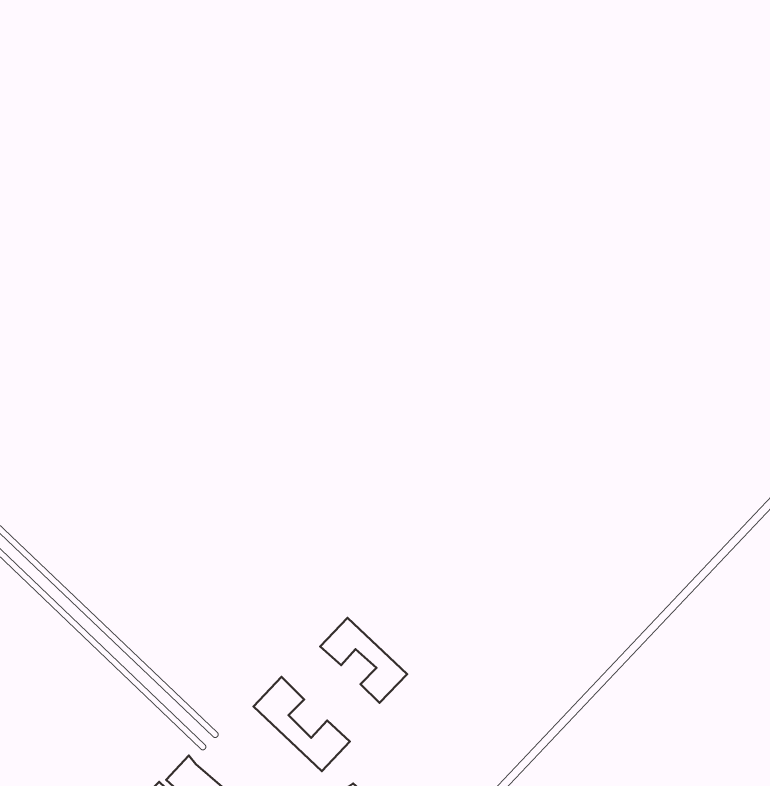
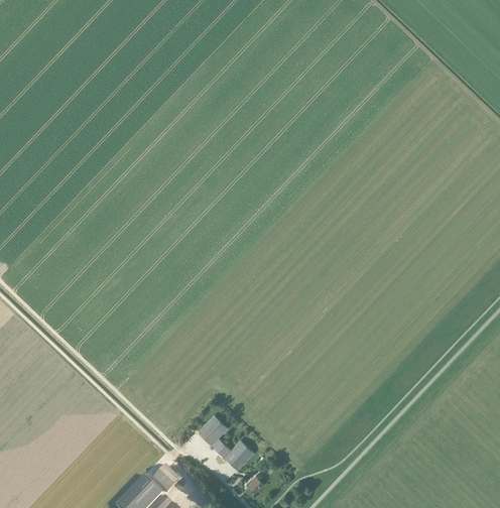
building: [320,618,407,703] -> none

